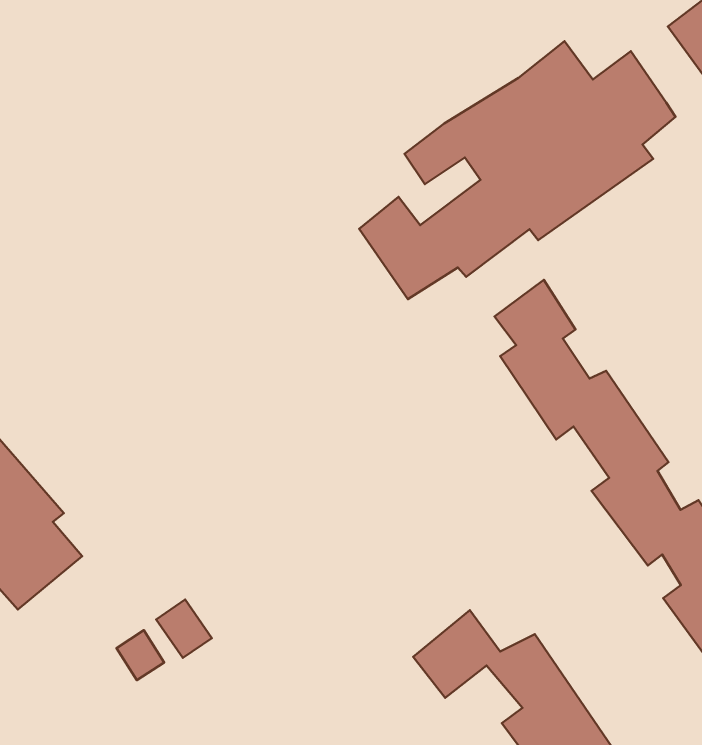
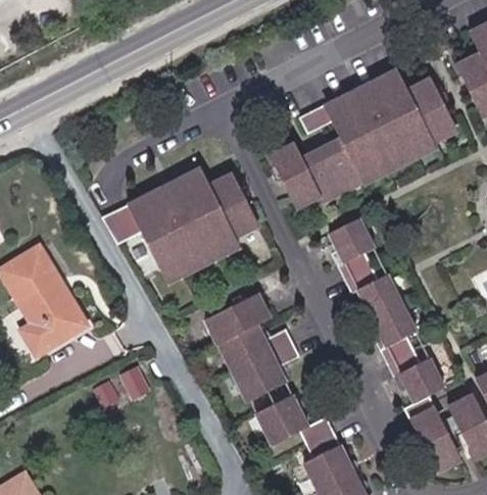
building: none -> [98,168,259,288]
building: none -> [203,290,300,405]

